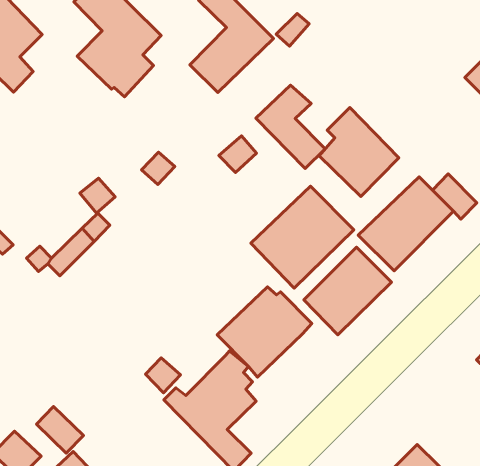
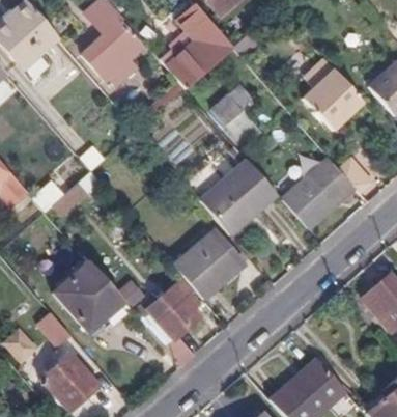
building: [319,108,399,197] -> [304,62,363,129]
building: [304,247,392,335] -> none
building: none -> [52,260,129,338]

